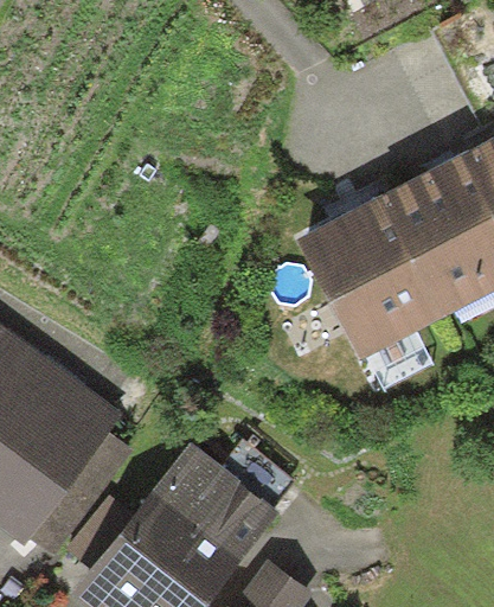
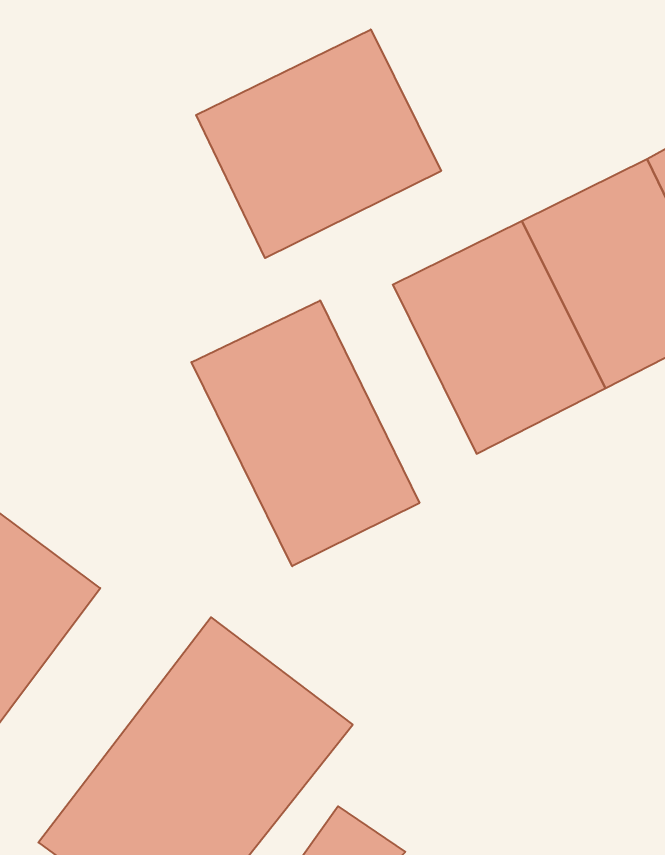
building: none -> [196,29,441,258]
building: none -> [191,300,419,566]

